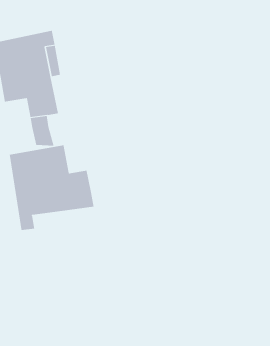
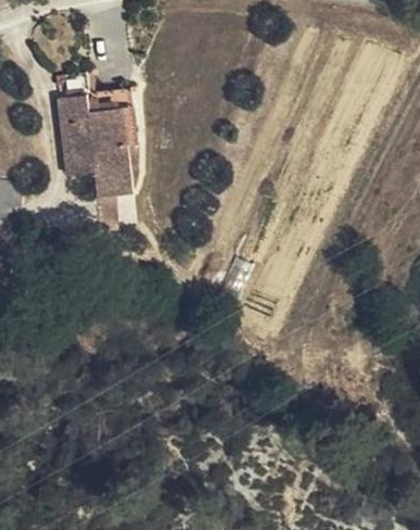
building: [9,144,94,231] -> none

